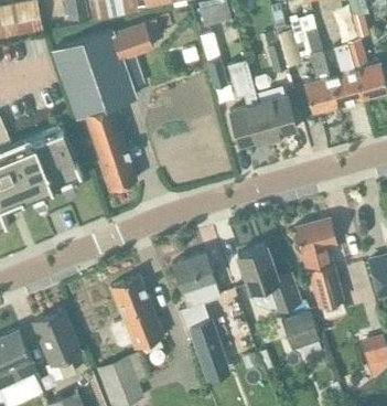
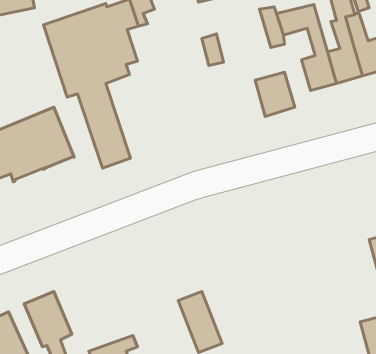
building: [227,61,268,147] -> none
building: [294,218,344,309] -> none
building: [236,245,302,313] -> none
building: [171,253,221,308] -> none
building: [109,275,164,349] -> none
building: [281,311,321,356] -> none

